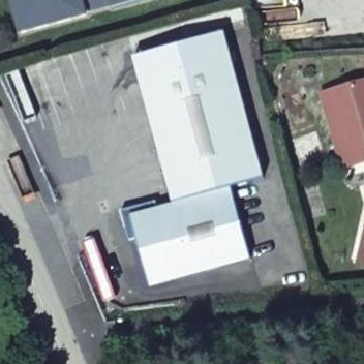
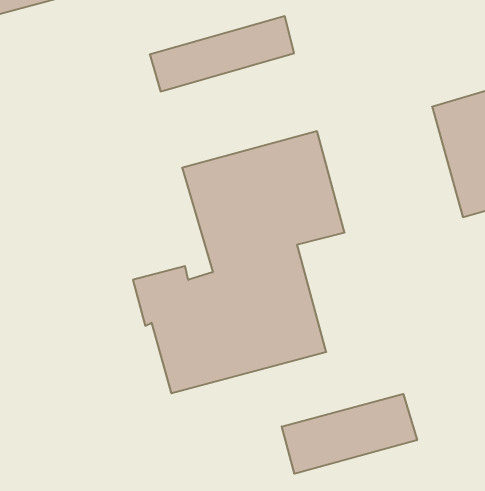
building: [138,56,243,133] -> none
building: none -> [282,394,417,474]

